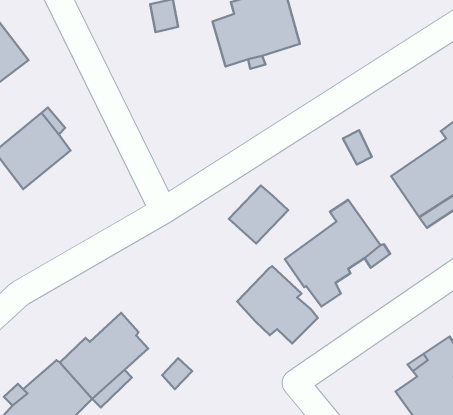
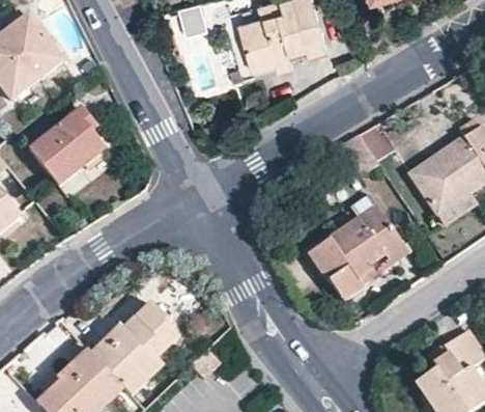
building: [229,185,288,244] -> none
building: [237,266,318,343] -> none

